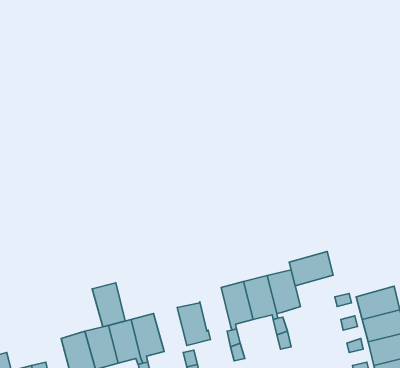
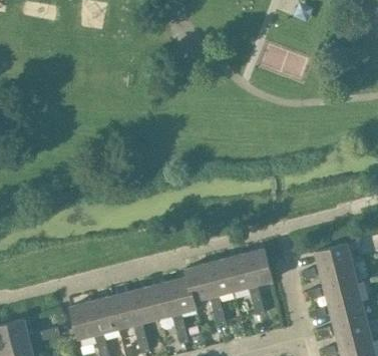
building: [289,251,333,286] -> [315,244,352,273]
building: [92,283,125,327] -> [148,282,176,319]
building: none -> [185,265,214,302]

